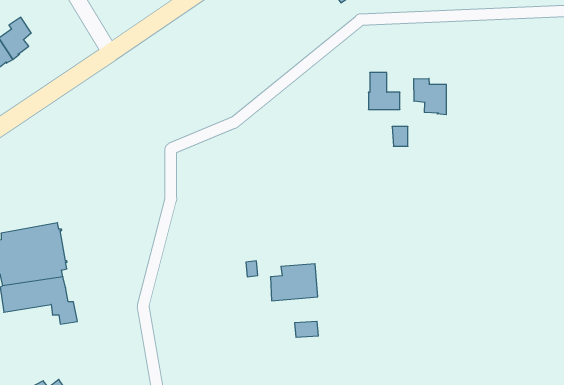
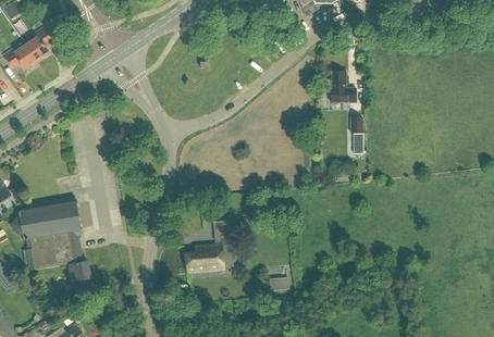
building: [414,78,446,115] -> none
building: [270,264,318,301] -> [184,242,223,273]

